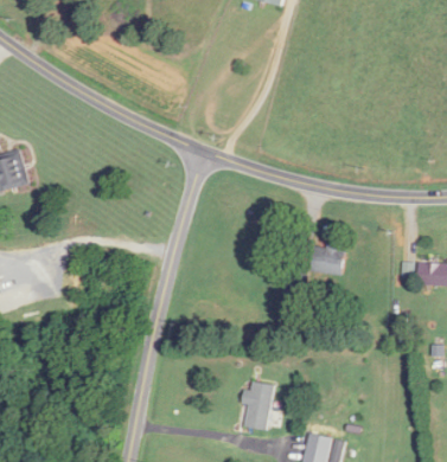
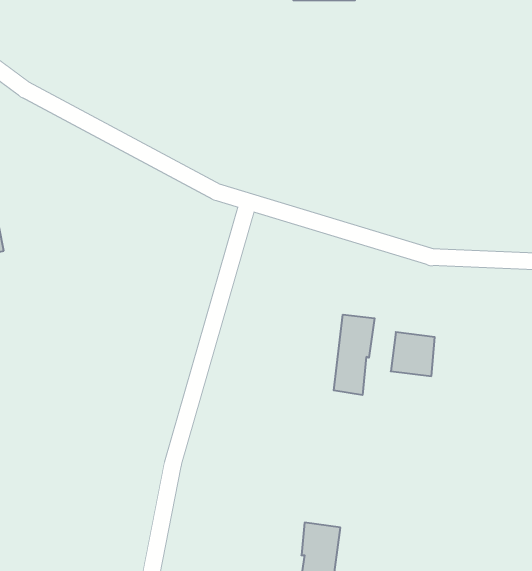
building: none -> [334,315,375,395]

